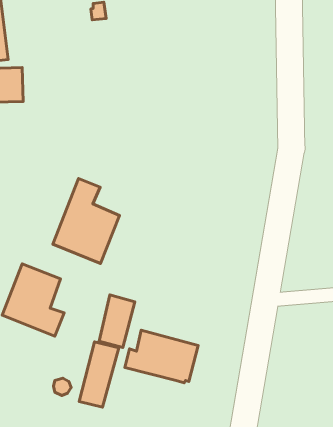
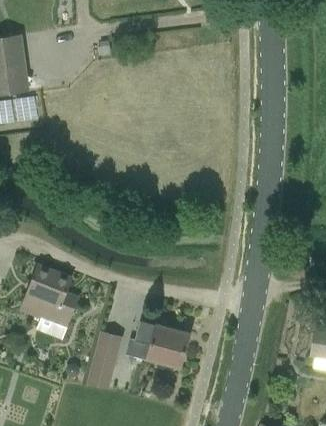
building: [53,179,119,263] -> none
building: [99,295,135,348] -> none

